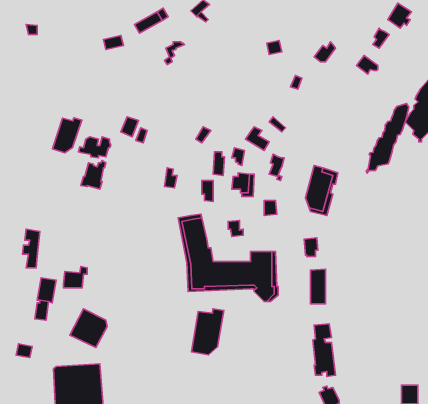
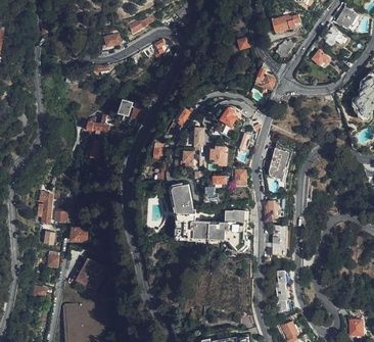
building: none -> [272,14,301,34]
building: [366,103,409,173] -> none
building: [53,118,82,153] -> none
building: [191,309,224,355] -> none

